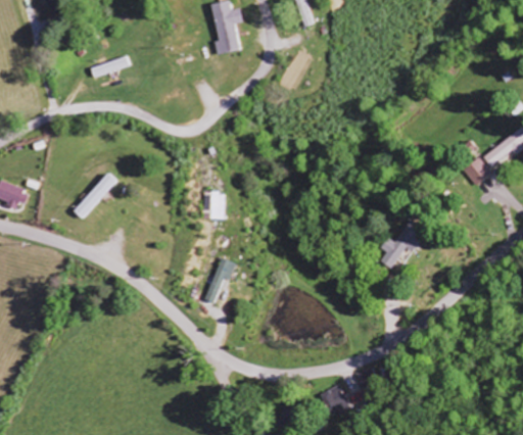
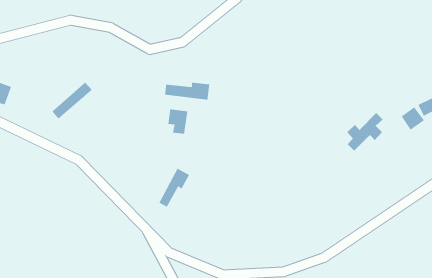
building: none -> [164,82,210,101]
building: [380,221,421,268] -> [346,112,383,151]

